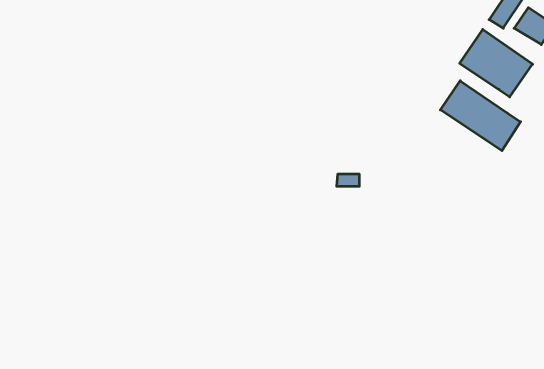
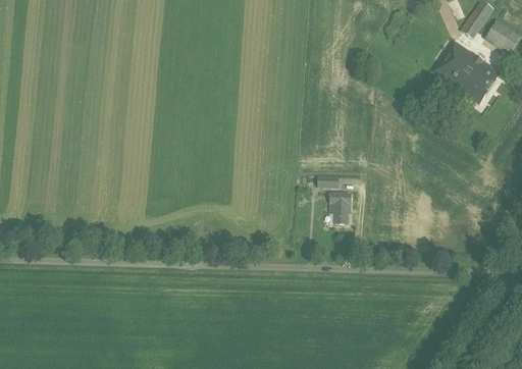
building: [440,81,521,151] -> none
building: none -> [329,193,351,223]

